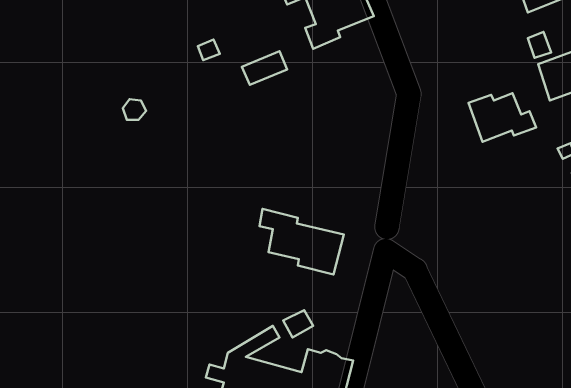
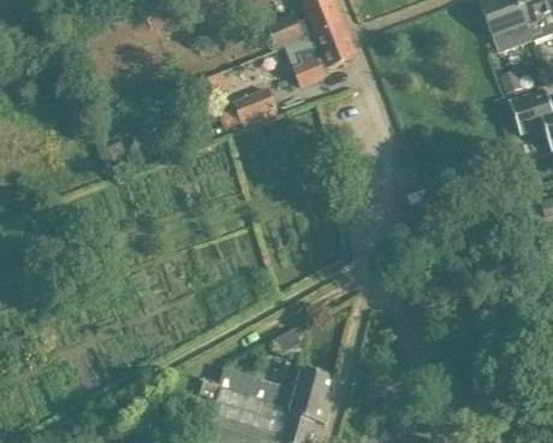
building: [469,93,536,142] -> none
building: [259,209,344,275] -> none

